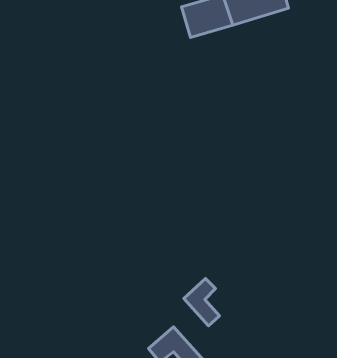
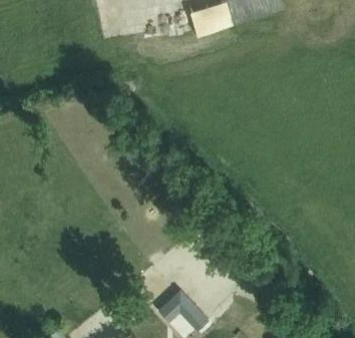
building: [184,278,220,326] -> none

